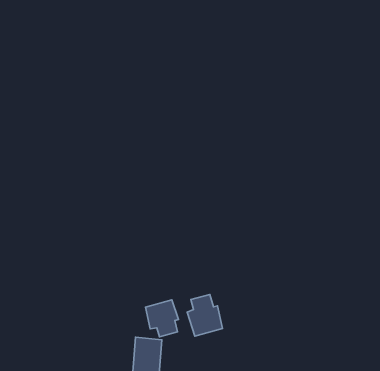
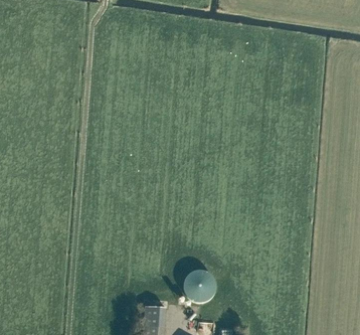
building: [145,300,178,337] -> none

